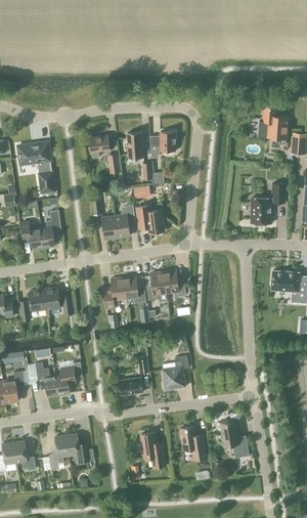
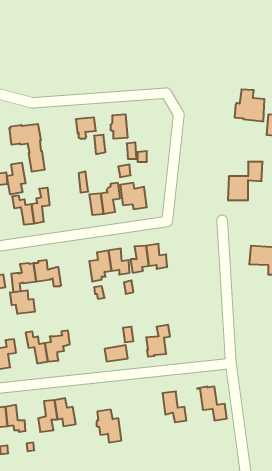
building: [149,131,175,158] -> none
building: none -> [7,163,26,194]
building: none -> [10,290,35,314]
building: [139,432,166,467] -> [96,410,121,442]

